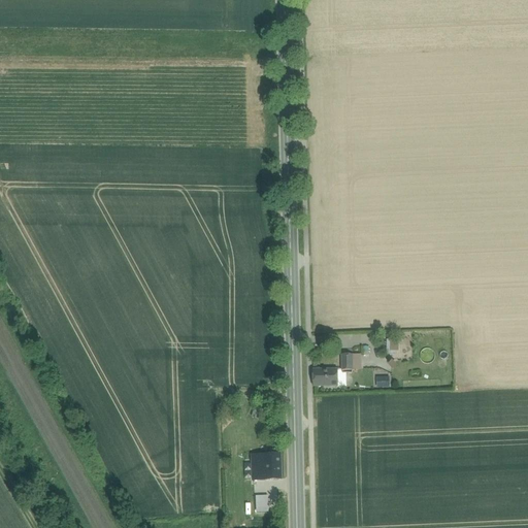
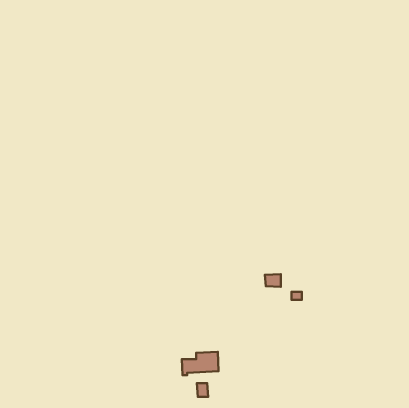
building: [312,368,337,385] -> none

